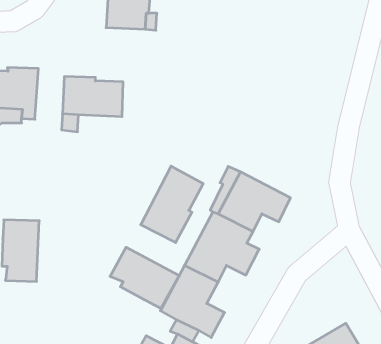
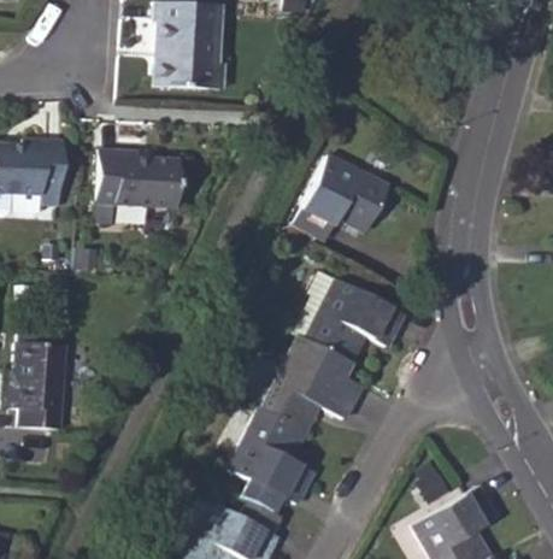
building: none -> [294,153,390,239]
building: [141,166,203,243] -> none
building: [110,247,179,309] -> none

